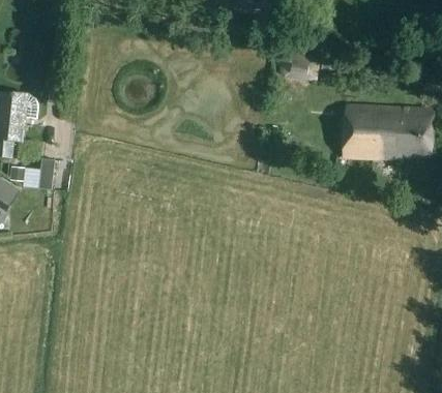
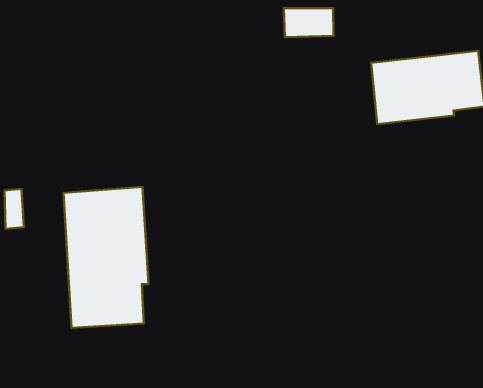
building: none -> [63,187,149,328]

